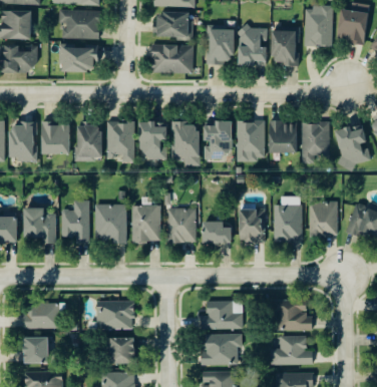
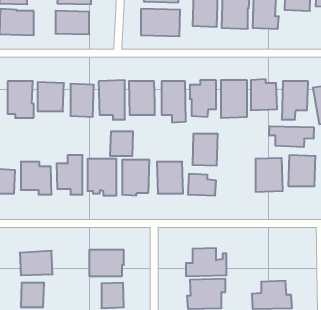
building: none -> [269,126,314,147]
building: none -> [110,131,133,156]
building: [239,209,266,243] -> [192,134,218,166]
building: [276,300,312,331] -> none

